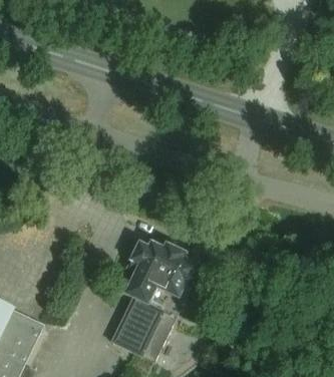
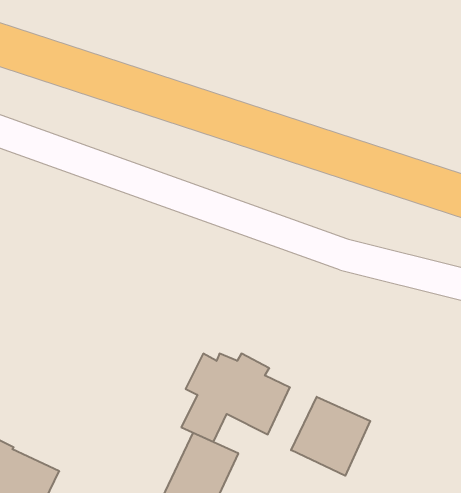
building: none -> [291,397,370,476]

